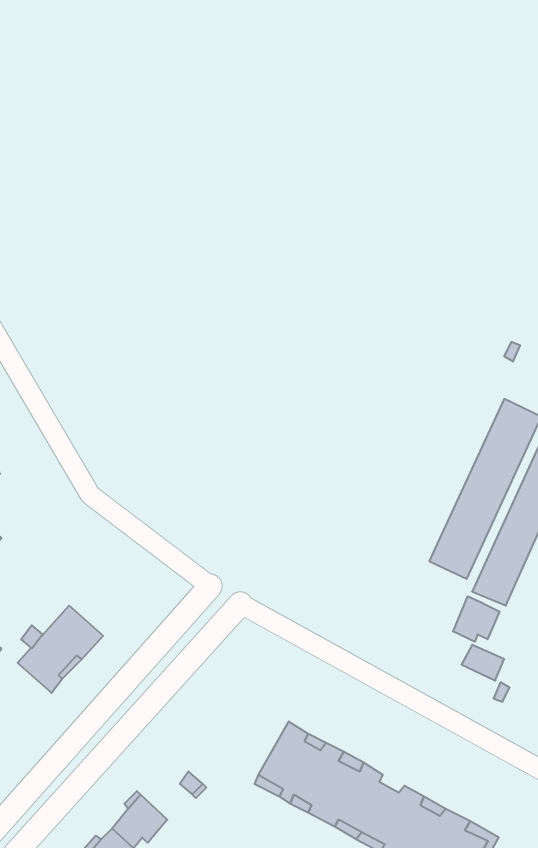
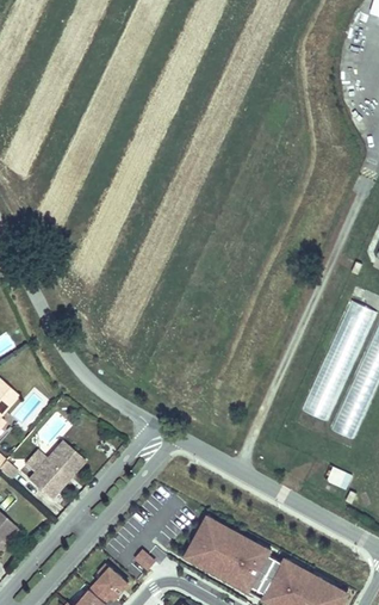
building: [453,596,499,642] -> none

